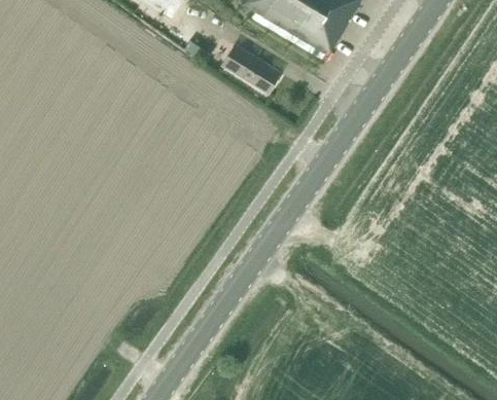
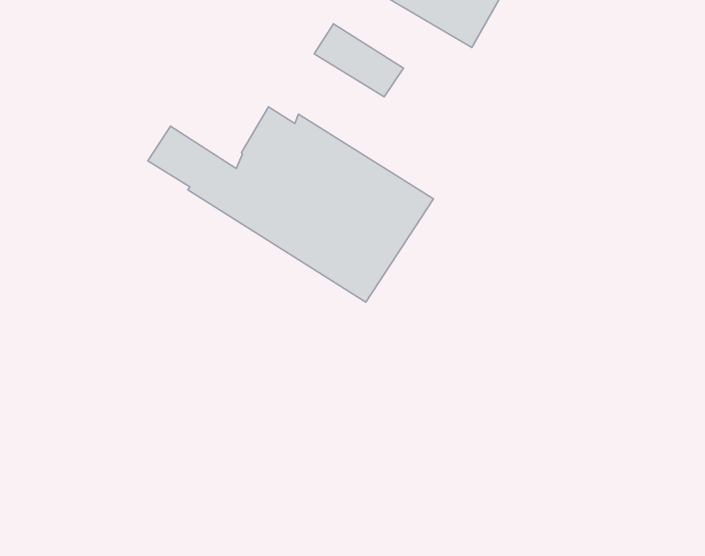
building: none -> [148,107,434,302]

